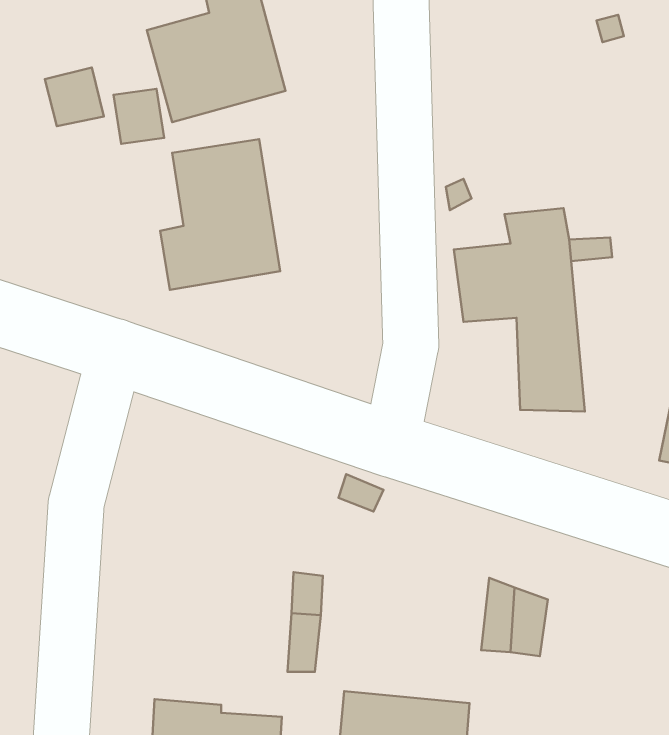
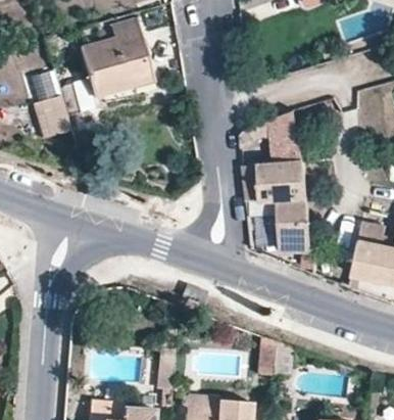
building: none -> [34,97,71,139]
building: [160,139,280,290] -> none
building: none -> [265,110,301,146]

